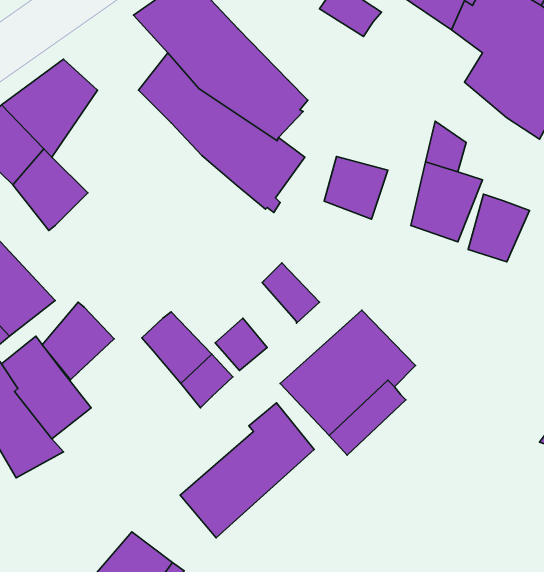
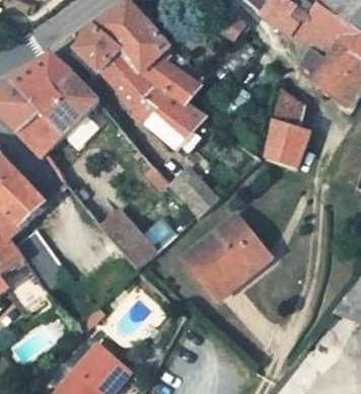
building: none -> [73,25,115,75]
building: none -> [43,72,98,136]
building: [324,157,388,219] -> none
building: [468,194,530,262] -> none
building: [42,302,114,380] -> none
building: [180,403,314,538] -> none

